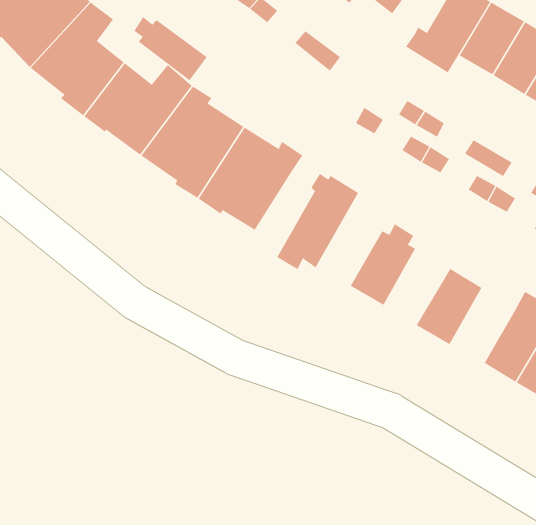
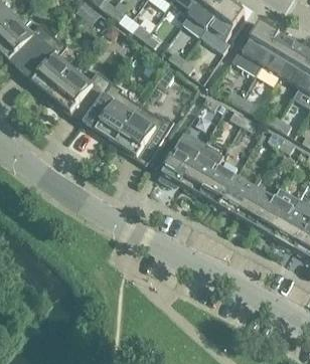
building: [133,16,208,81] -> none
building: none -> [180,142,222,194]
building: none -> [218,173,256,216]
building: none -> [256,195,293,237]

